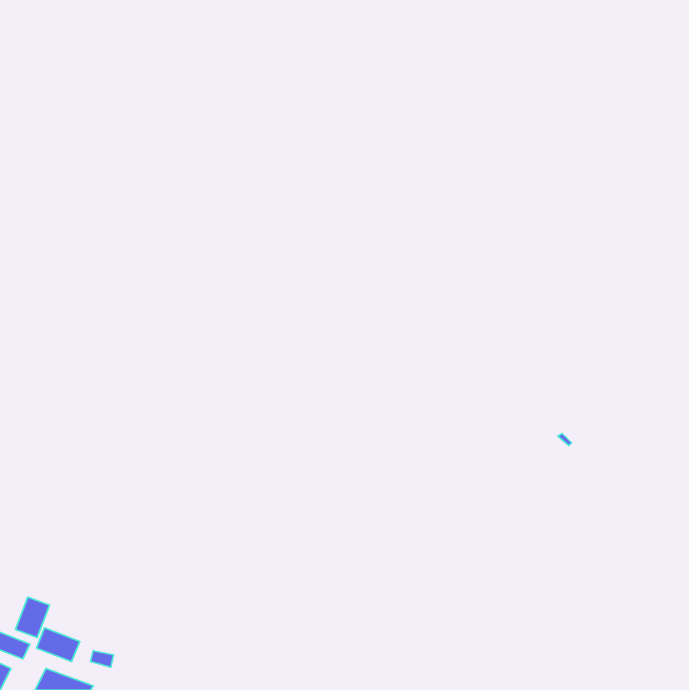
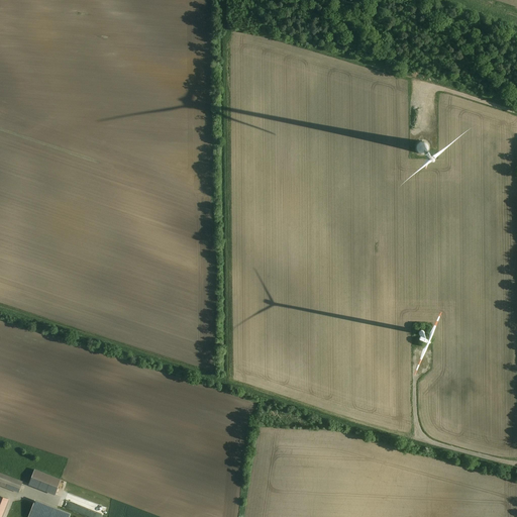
building: [15,597,49,638] -> none

